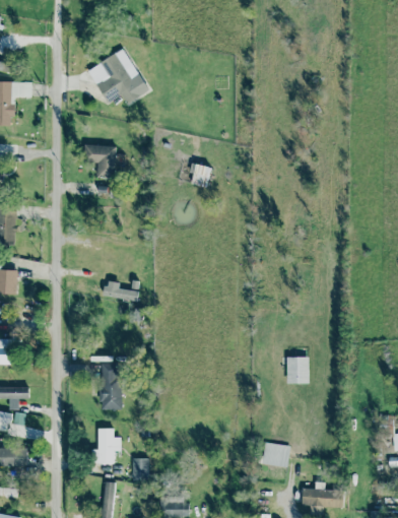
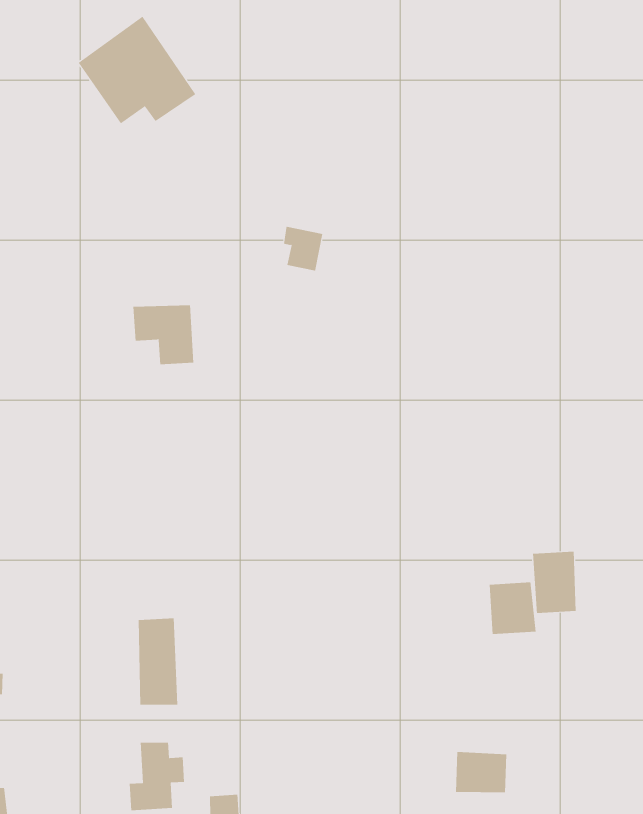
building: [84,144,115,176] -> [133,305,194,365]
building: [104,280,137,300] -> none
building: none -> [533,551,576,614]

